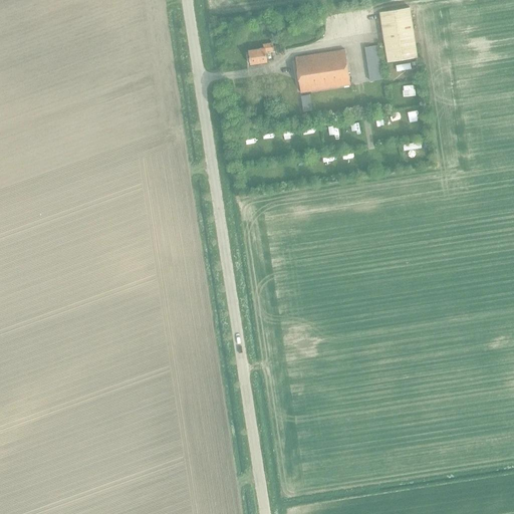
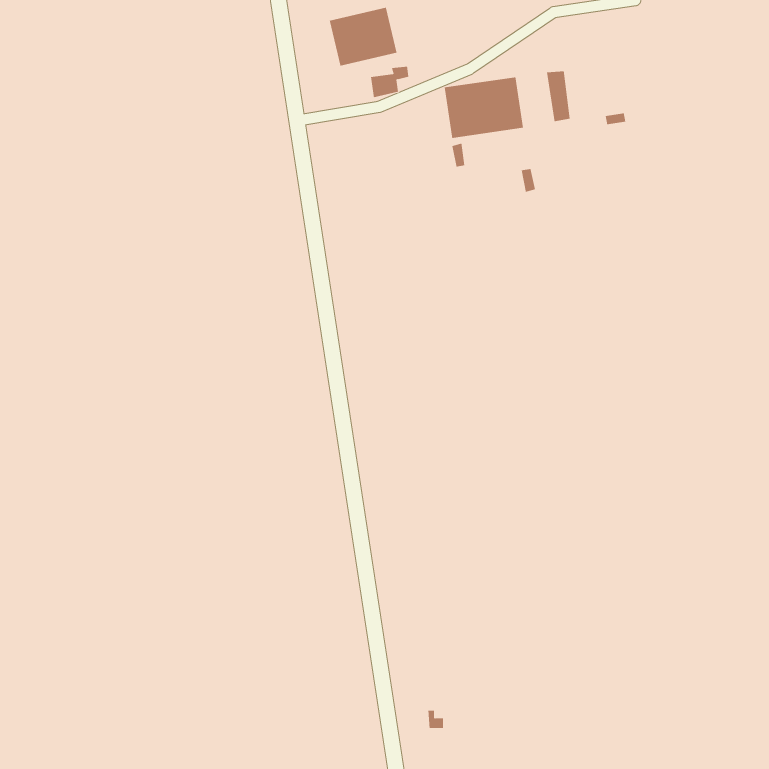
building: none -> [329,7,397,66]
building: [378,8,416,62] -> none

